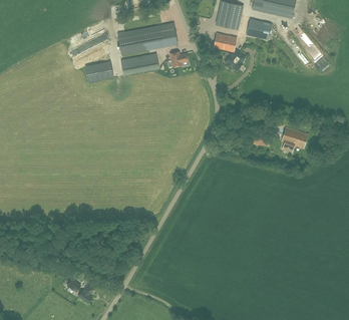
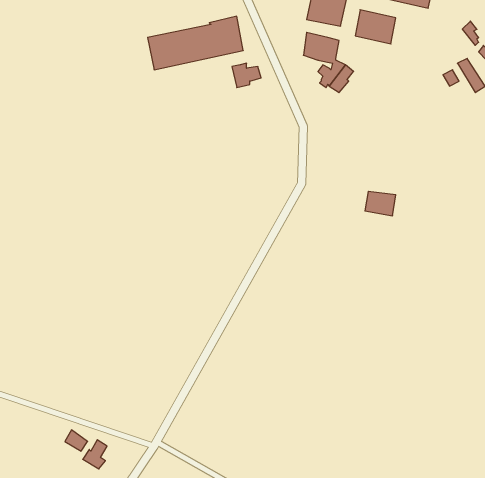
building: [120,53,158,74] -> none
building: [84,61,112,81] -> none
building: [281,126,307,150] -> none

